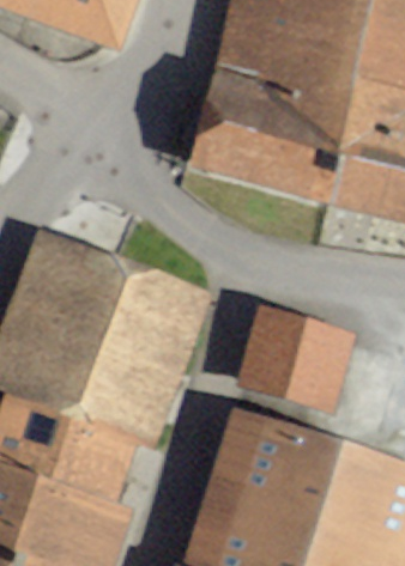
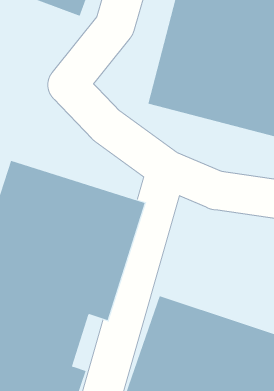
building: [216,311,341,422] -> none

